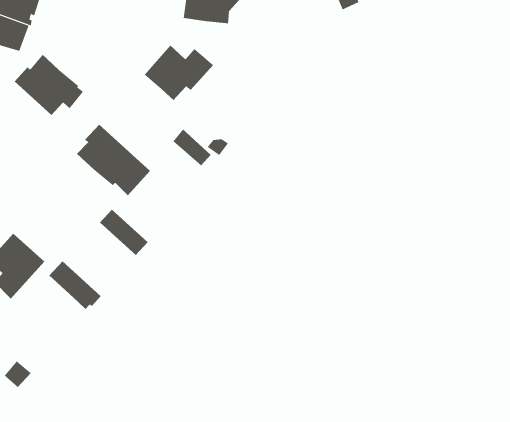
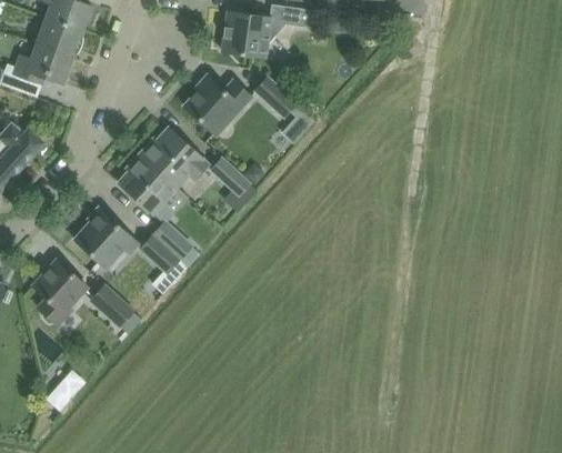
building: none -> [255,77,295,117]
building: [14,54,84,116] -> [140,127,208,187]
building: none -> [74,208,138,264]
building: none -> [152,221,201,268]

